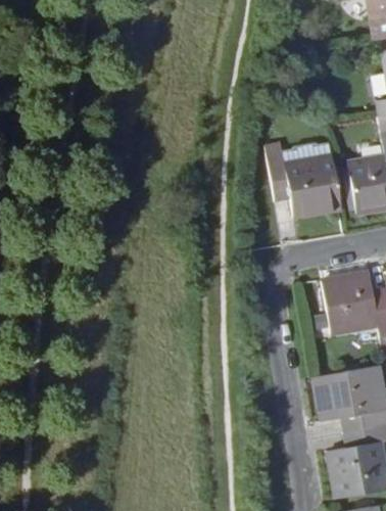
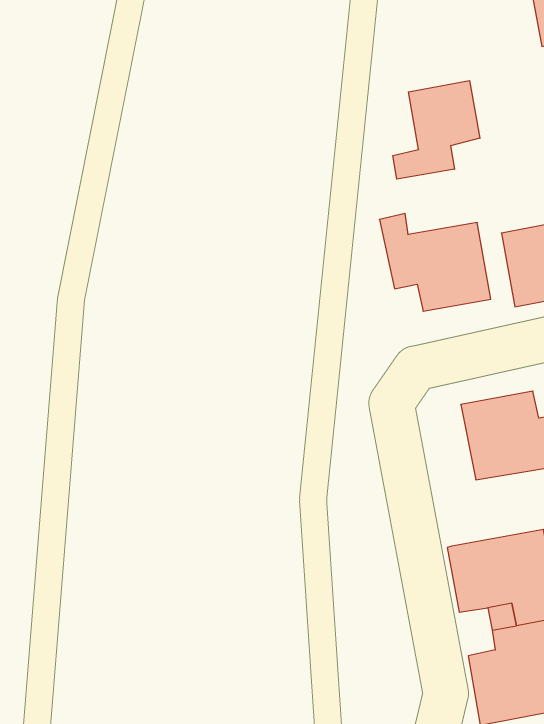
building: none -> [393,81,480,179]

